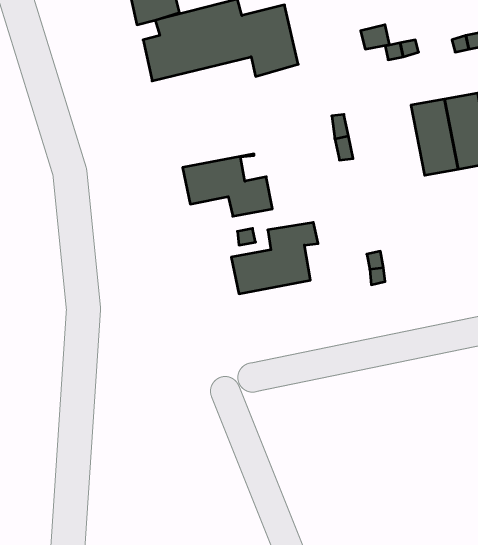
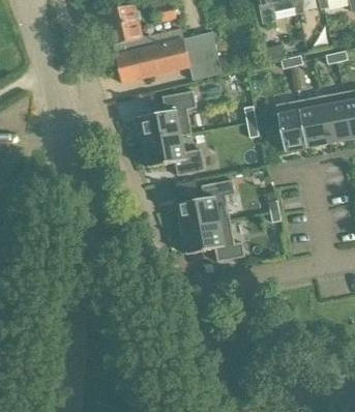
building: none -> [137,90,197,142]
building: none -> [276,99,307,151]
building: none -> [179,218,244,261]

